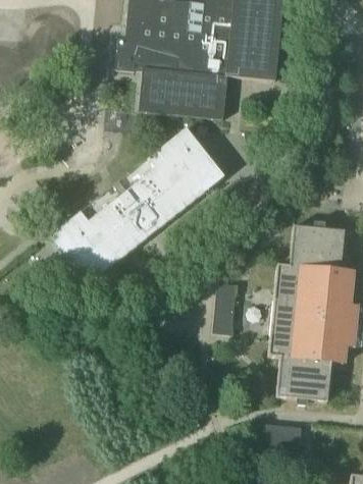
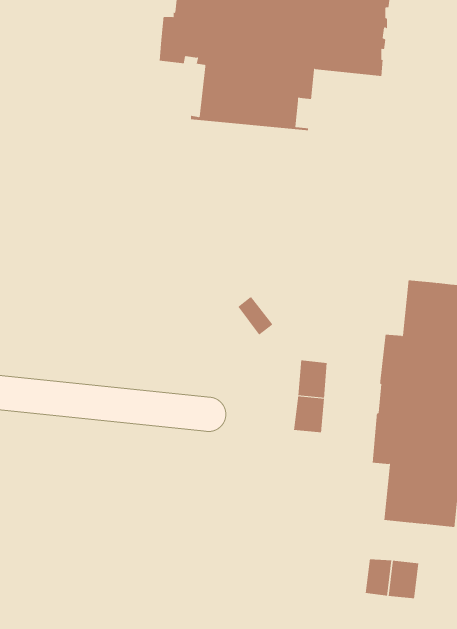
building: [53,127,226,282] -> none

